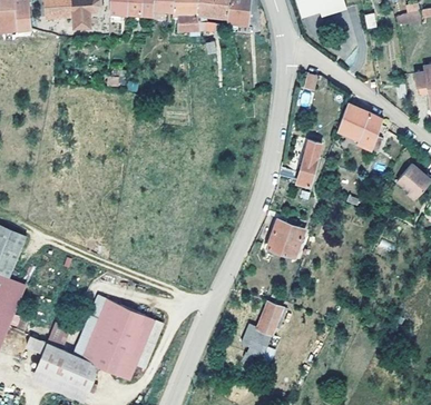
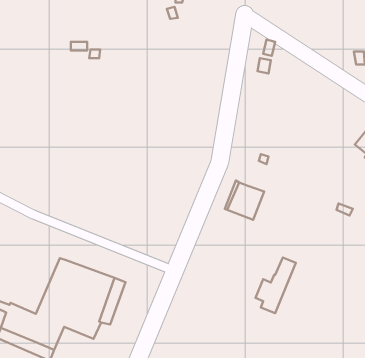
building: [337,102,383,150] -> none
building: [280,139,322,184] -> none
building: [242,300,283,357] -> [256,257,296,313]

